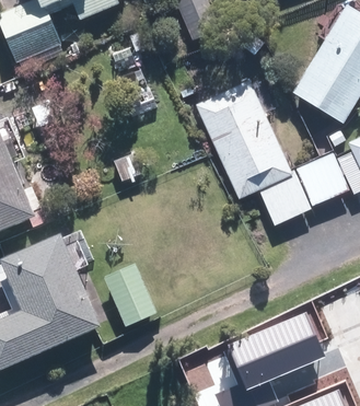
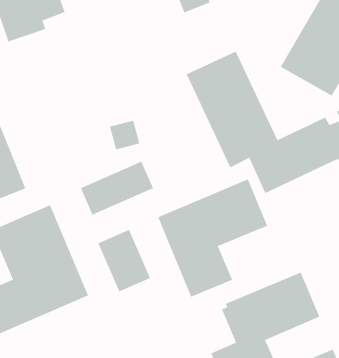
building: none -> [80,161,154,215]
building: none -> [157,179,268,298]

